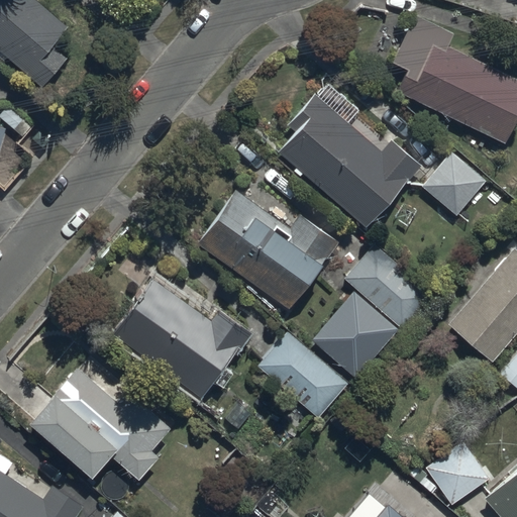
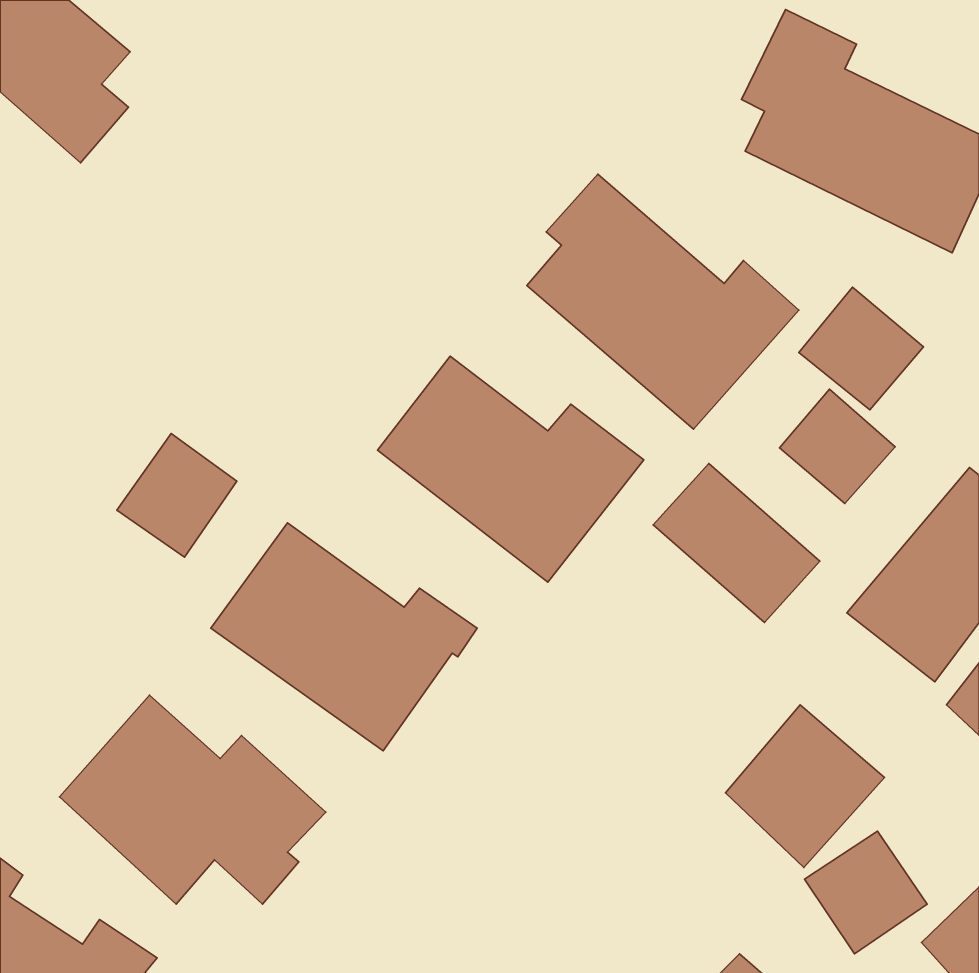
building: none -> [779,389,895,504]
building: none -> [117,434,237,557]
building: [314,293,398,379] -> [725,705,884,868]
building: [257,333,346,419] -> none

